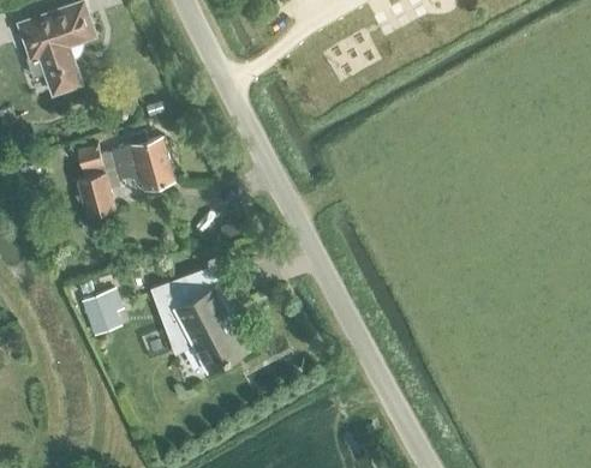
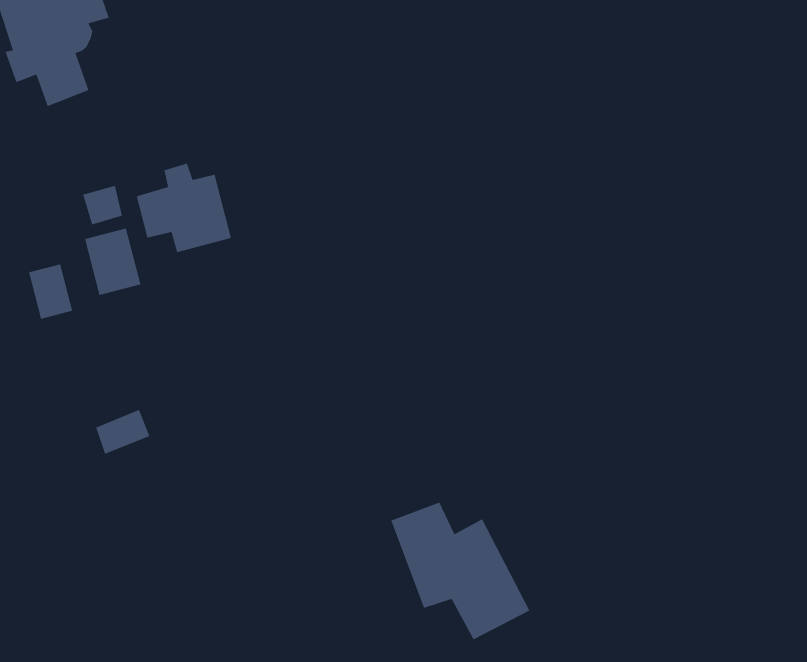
building: none -> [28,263,73,320]
building: [154,278,245,368] -> [390,502,531,640]

